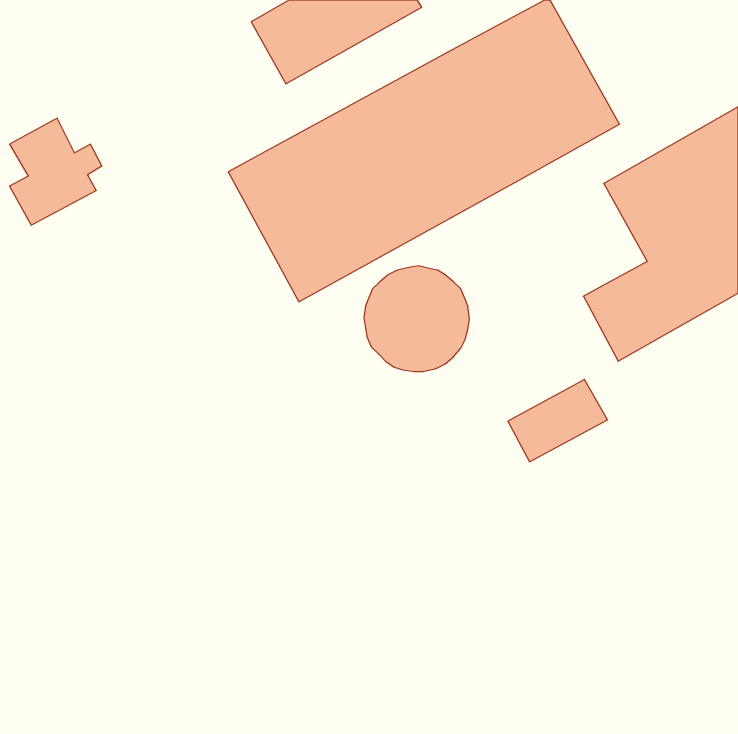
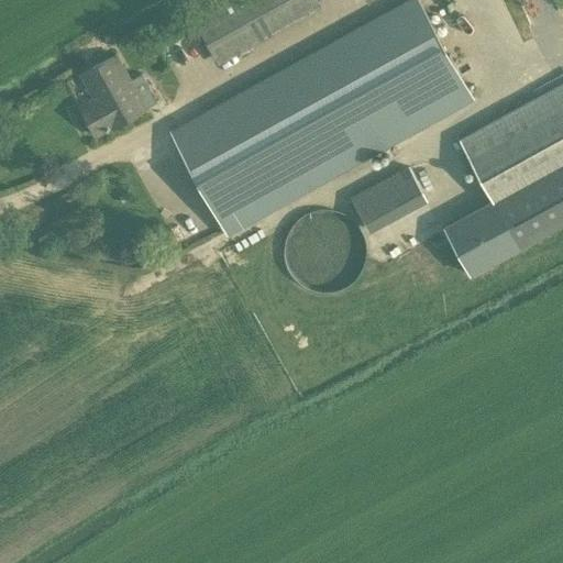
building: [10,118,102,225] -> [80,56,151,137]
building: [508,379,608,462] -> [351,169,427,232]

